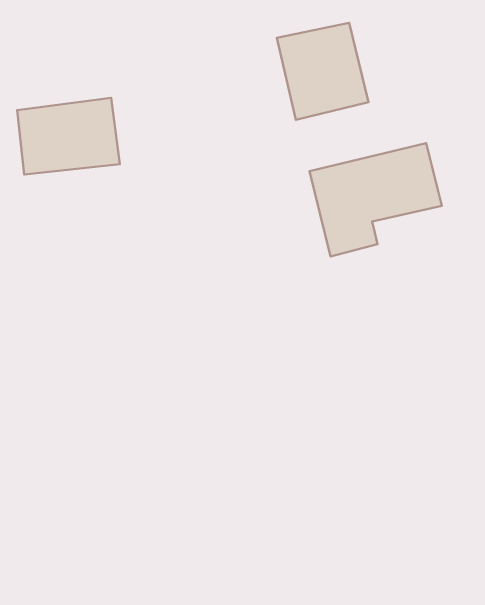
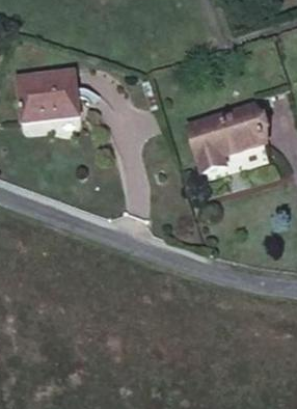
building: [277,23,369,120] -> none

